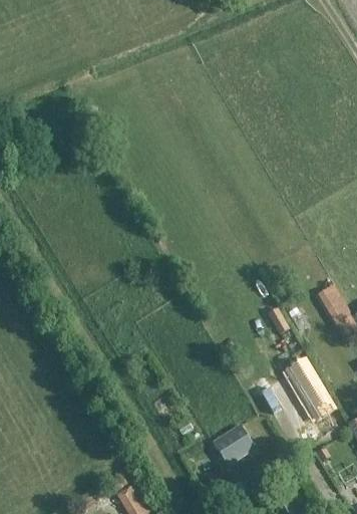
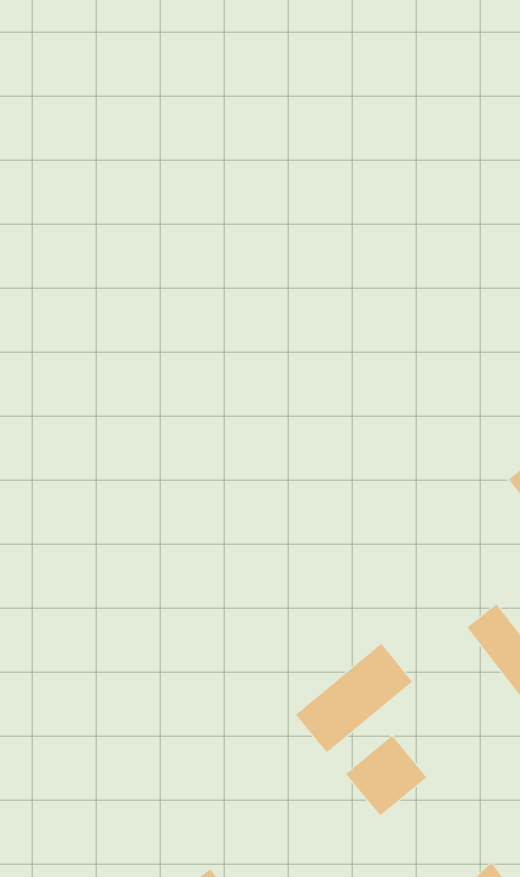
building: none -> [295,643,413,753]

